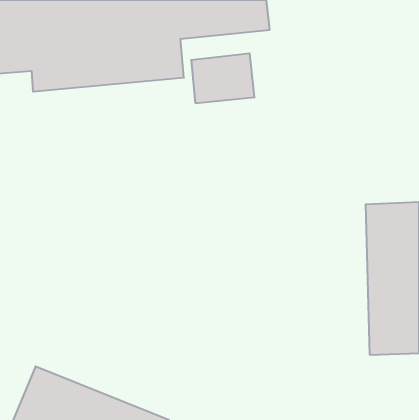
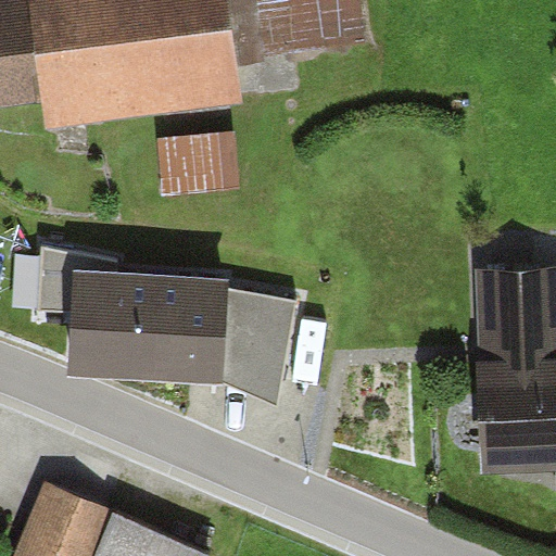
building: [191,53,255,103] -> [157,131,241,197]
building: none -> [40,249,293,405]

